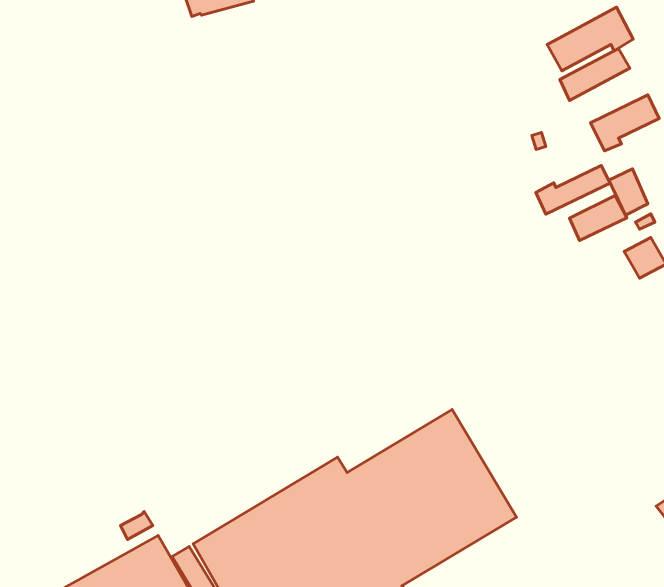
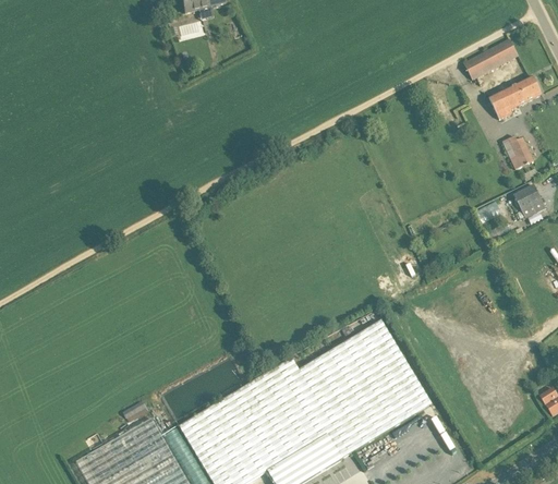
building: [547,7,633,71] -> none
building: [536,165,610,214] -> none
building: [569,195,627,241] -> none

